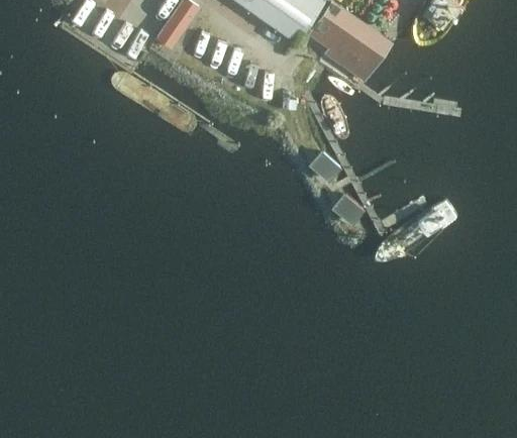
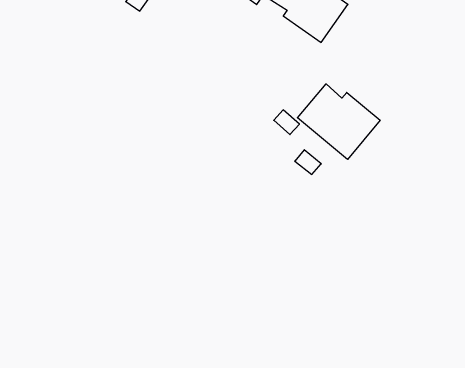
building: none -> [297,84,380,159]

